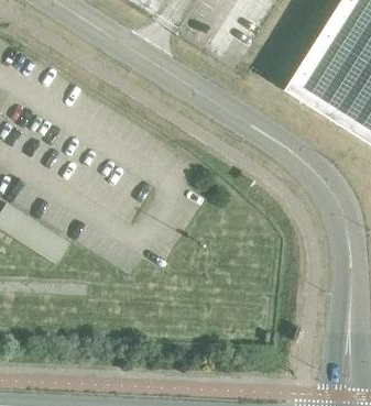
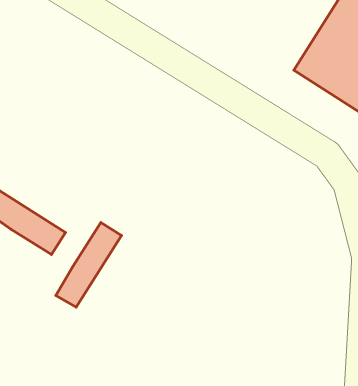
building: none -> [56,222,121,307]

